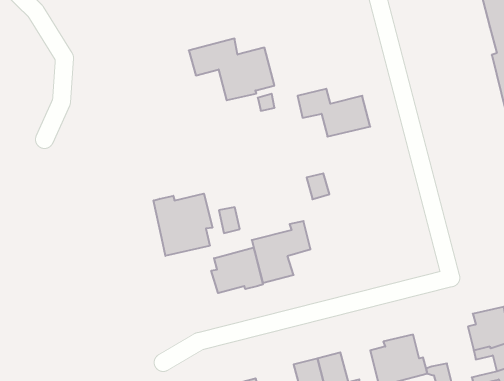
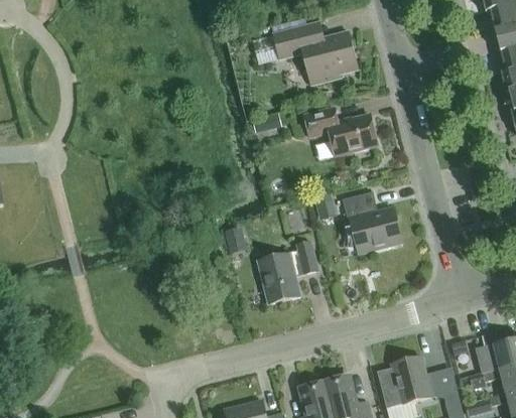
building: [189,39,274,100] -> [272,21,359,84]
building: none -> [343,190,402,251]
building: [154,194,212,256] -> none
building: [211,247,263,293] -> none

